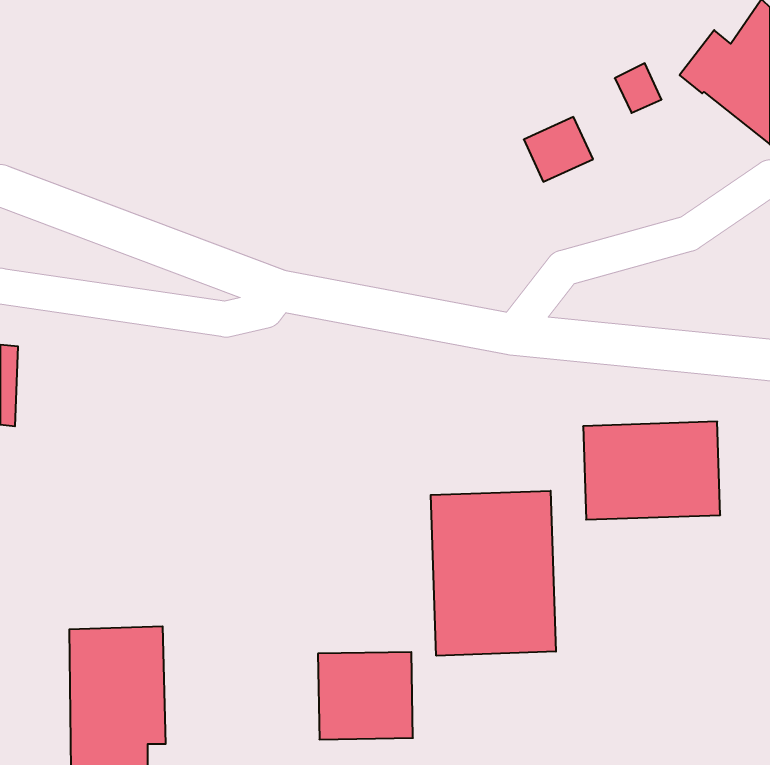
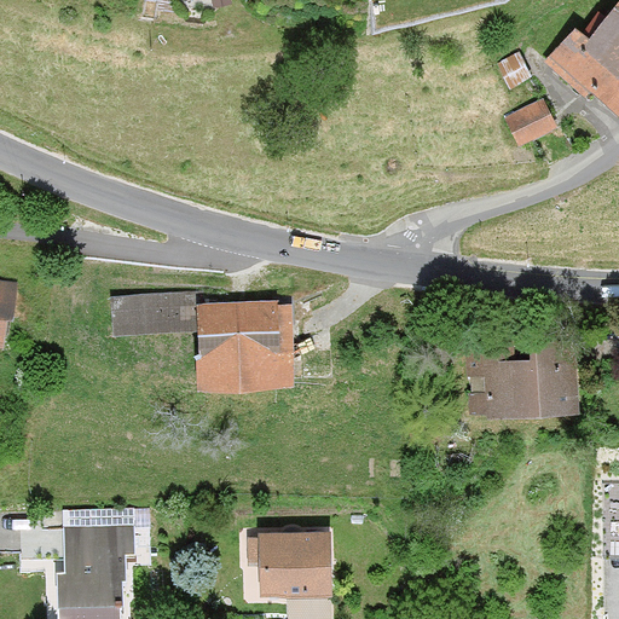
building: [524,117,593,182] -> [501,98,556,150]
building: none -> [110,291,293,394]
building: [431,491,556,656] -> none

